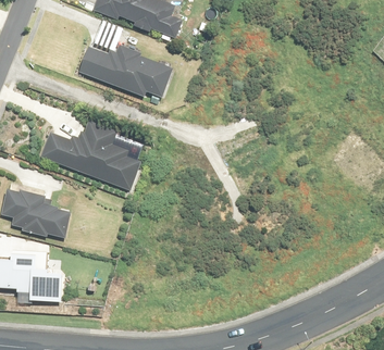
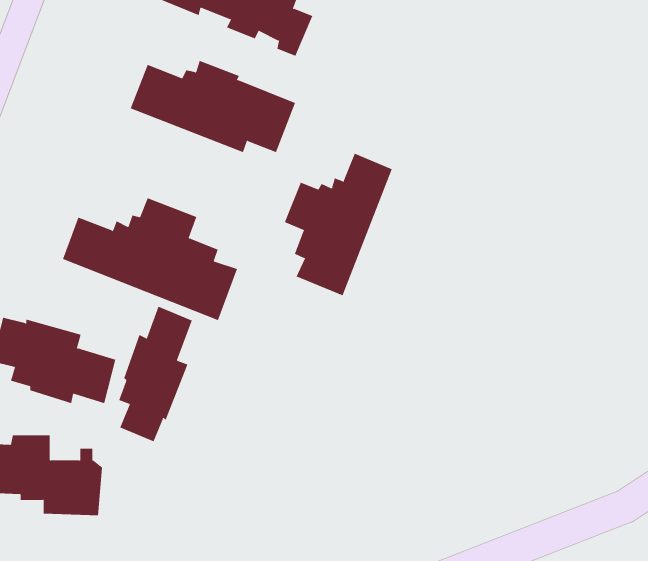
building: none -> [284,153,393,296]
building: none -> [118,306,193,442]

